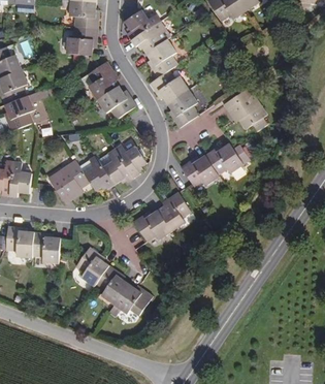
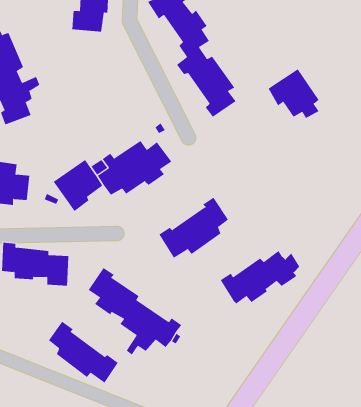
building: [80,60,136,117] -> none
building: [184,138,250,183] -> [220,250,300,304]
building: none -> [48,321,119,383]

